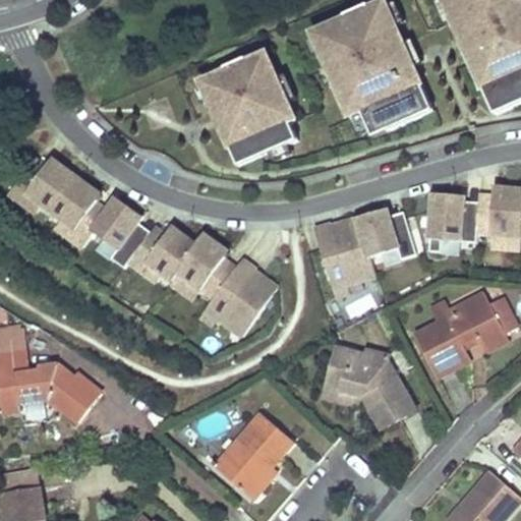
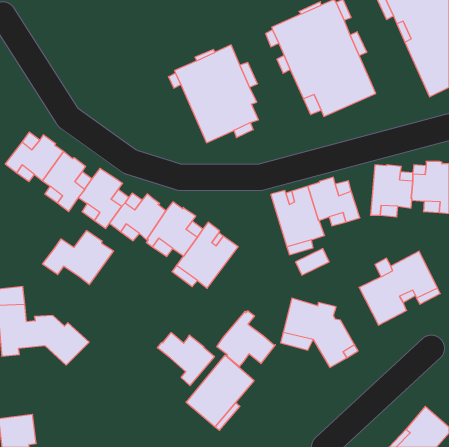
building: none -> [43,231,113,285]
building: none -> [217,311,275,367]
building: none -> [157,333,214,386]

